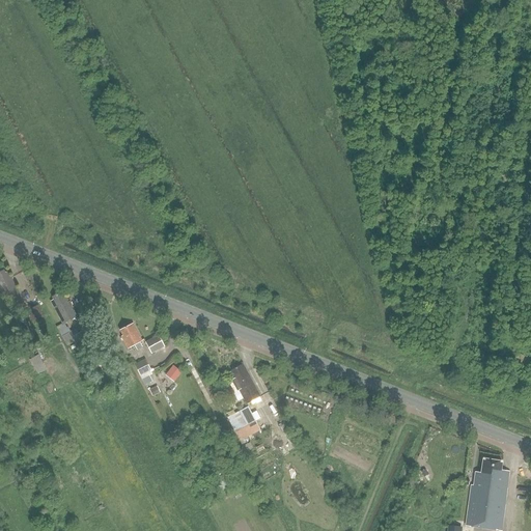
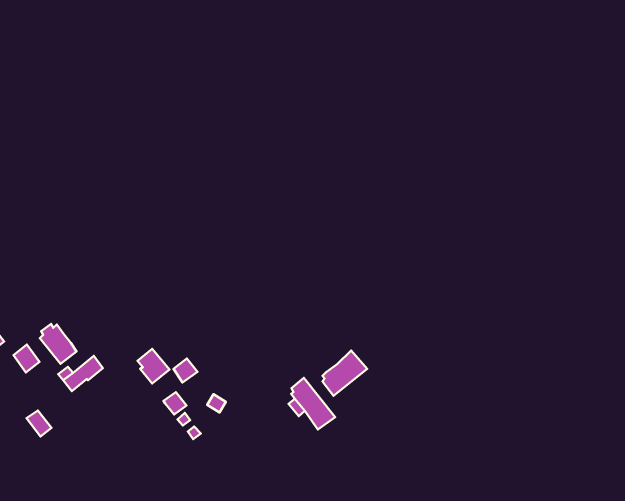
building: none -> [322,350,367,396]
building: [228,412,256,440] -> none

